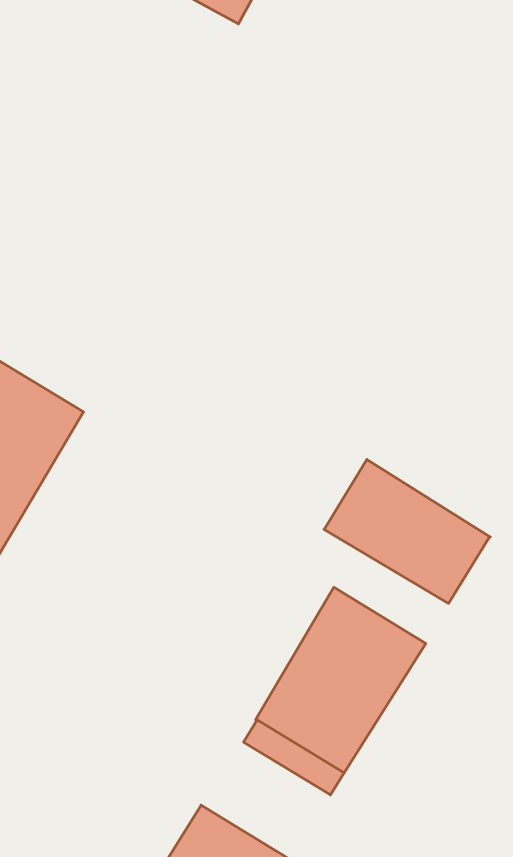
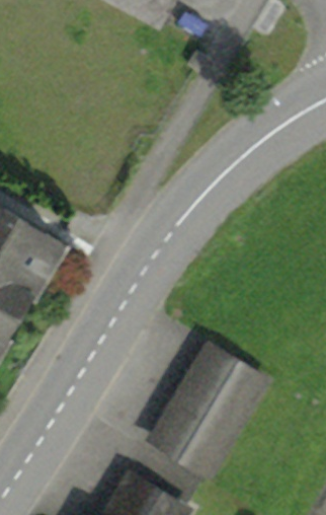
building: [324,459,490,603] -> none

